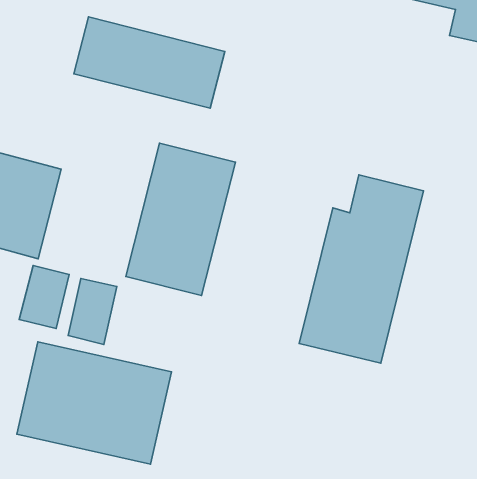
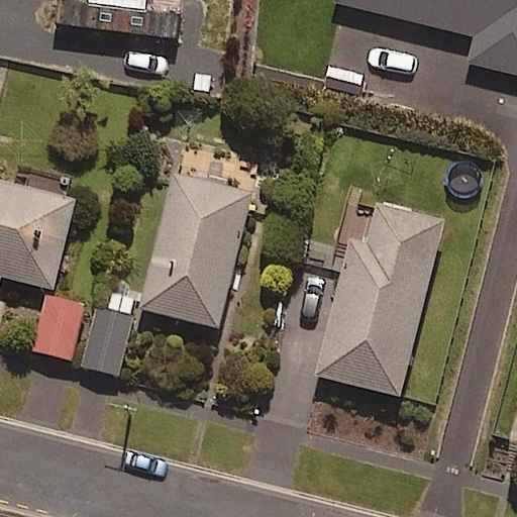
building: [74,17,225,108] -> none
building: [17,342,172,464] -> none

